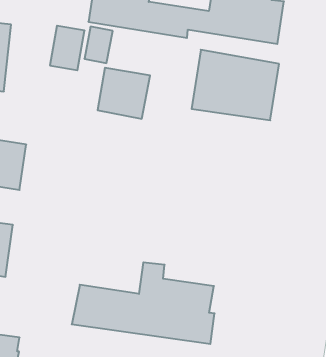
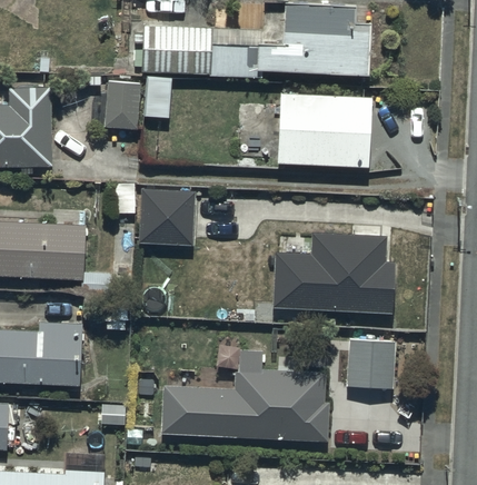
building: [98,68,150,119] -> [137,190,195,246]
building: none -> [272,230,396,313]
building: none -> [345,338,396,389]

